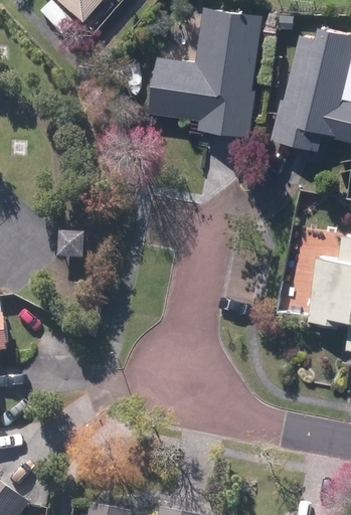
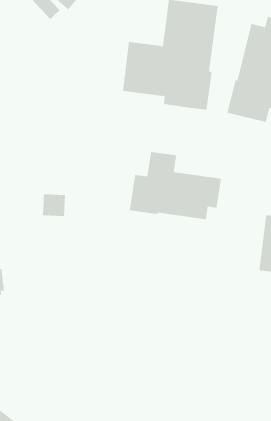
building: none -> [129,151,222,220]

